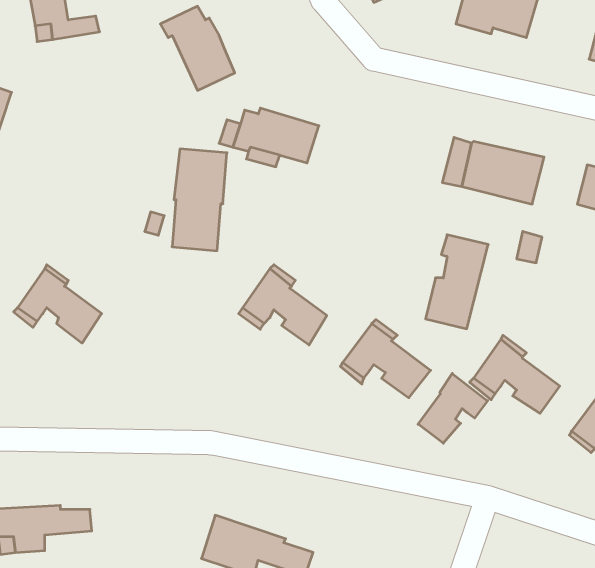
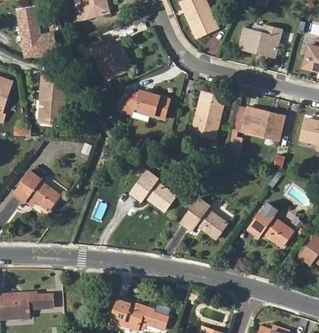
building: [172,149,227,251] -> [39,72,67,124]
building: [426,235,488,329] -> [192,90,224,138]
building: [418,373,488,443] -> none

